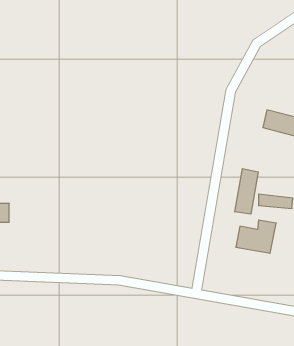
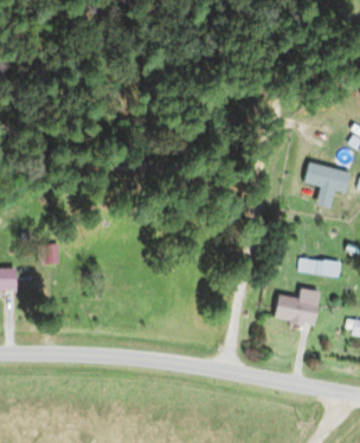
building: [235,169,258,214] -> none

